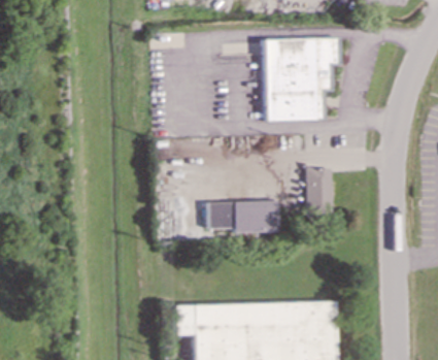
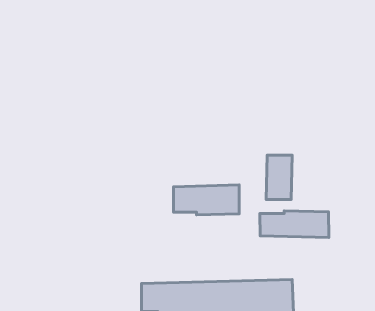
building: [265,36,342,121] -> none
building: none -> [260,211,329,238]

